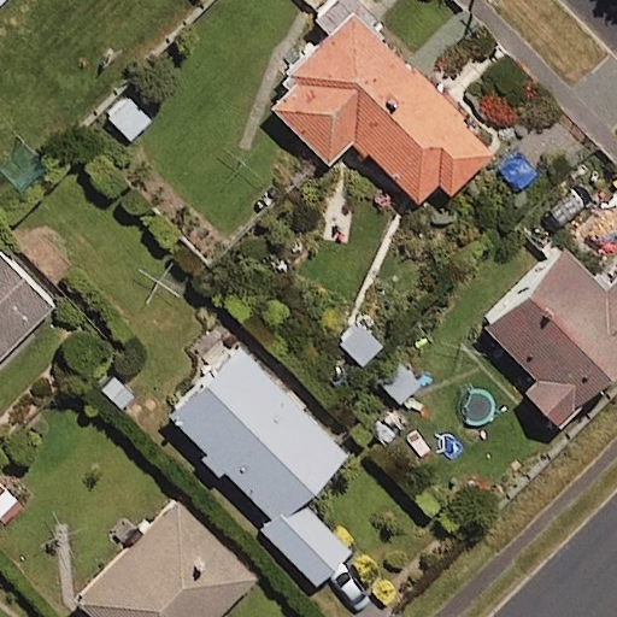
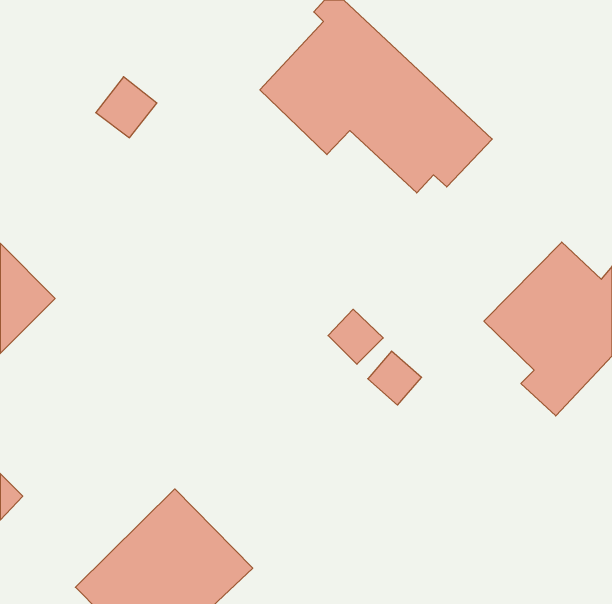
building: [171,346,349,588] -> none

